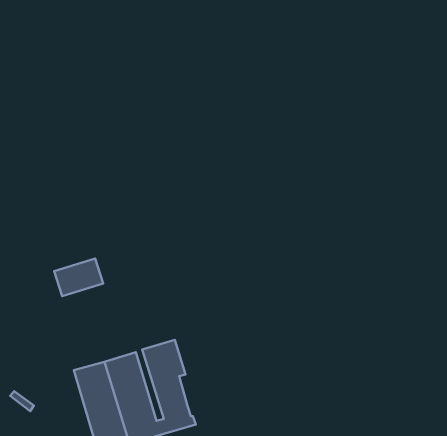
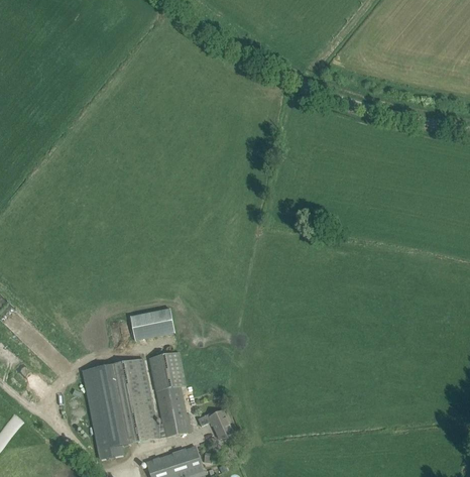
building: [54,258,103,296] -> [129,309,173,341]
building: none -> [196,406,233,439]

